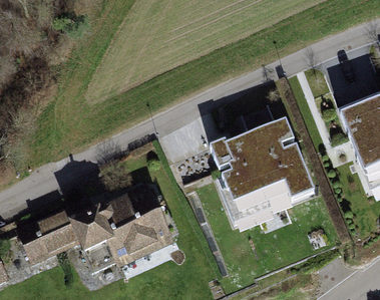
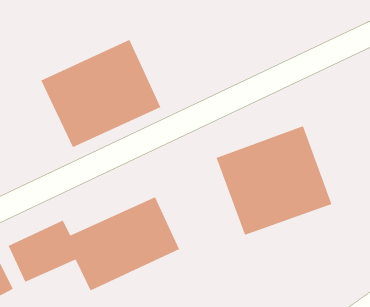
building: none -> [40,39,161,148]

